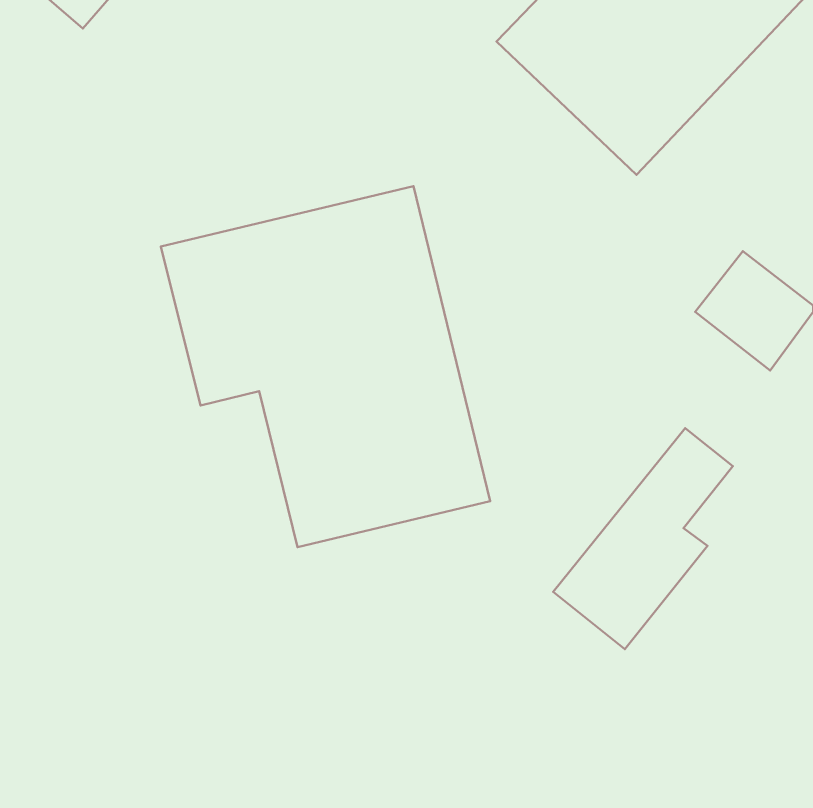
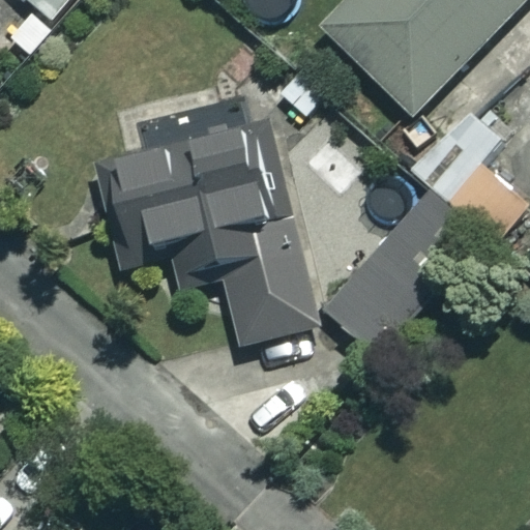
building: [553,428,733,649] -> [328,205,445,349]

